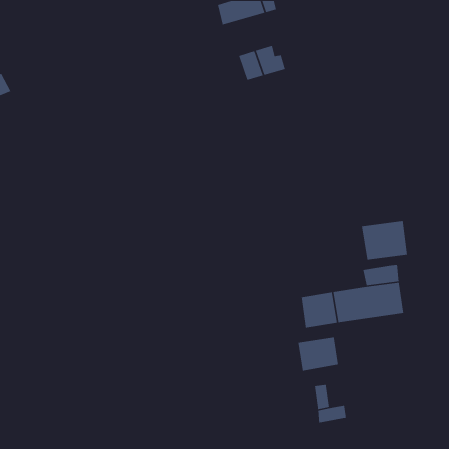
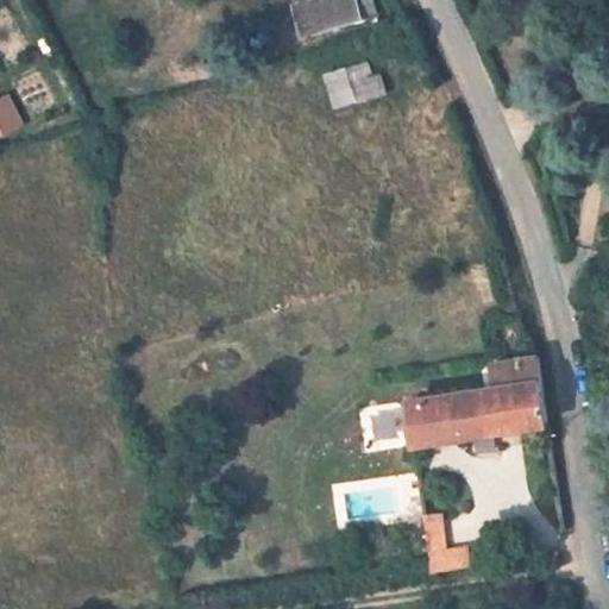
building: [361,220,408,261] -> none
building: [297,336,339,371] -> none

